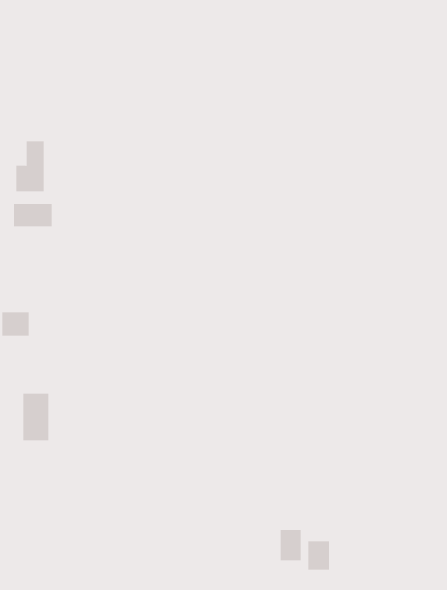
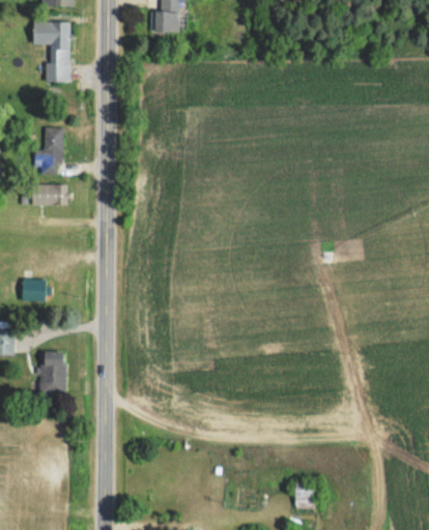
building: none -> [163,11,181,32]
building: none -> [33,22,70,82]
building: [280,529,301,561] -> none

